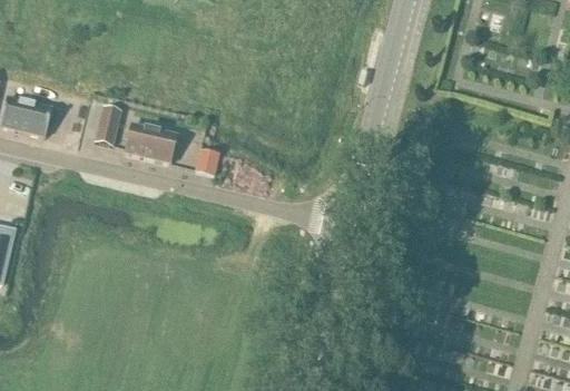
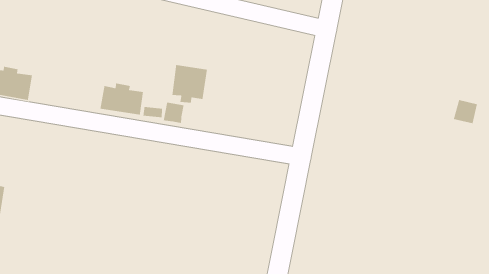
building: [94,106,120,145] -> none
building: none -> [171,64,208,104]

